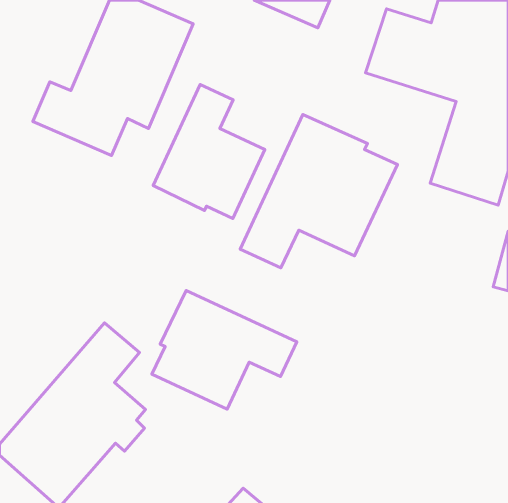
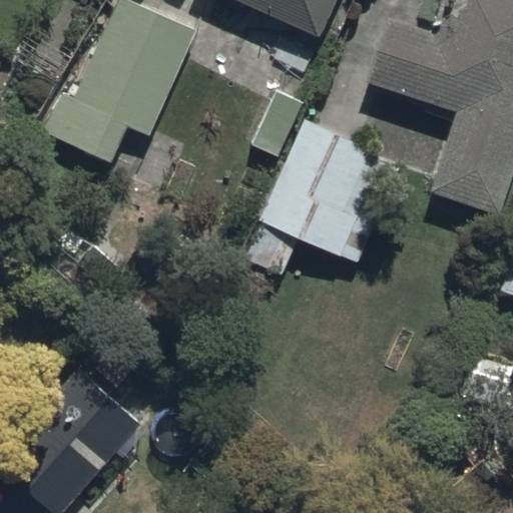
building: [153,85,265,219] -> none
building: [152,290,297,409] -> none

